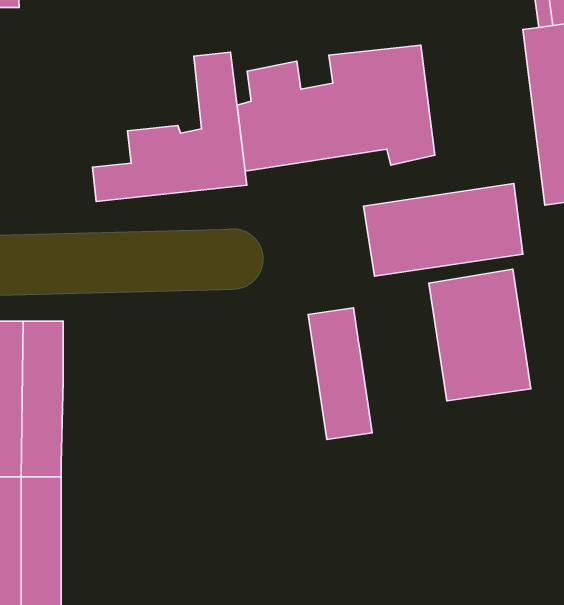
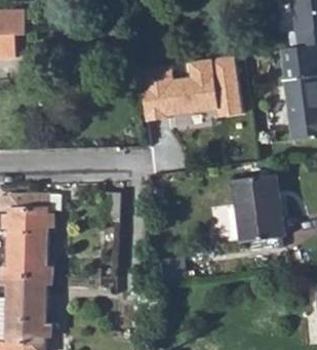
building: [92,52,247,202] -> none
building: [363,184,523,276] -> none
building: [308,308,372,440] -> none

